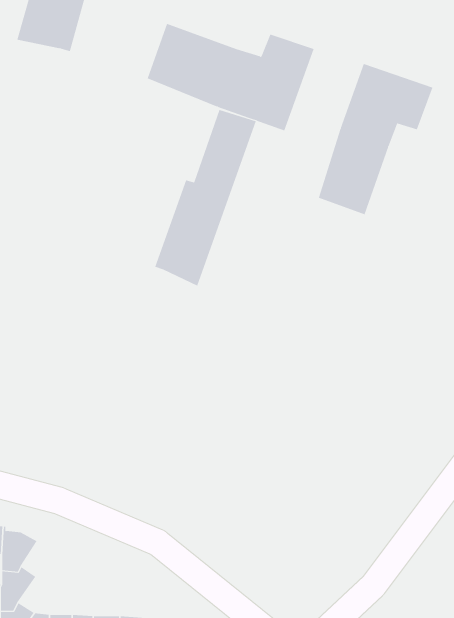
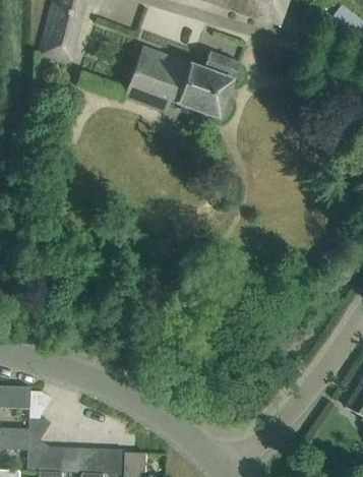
building: [318,63,433,215] -> none
building: [154,109,256,286] -> none

